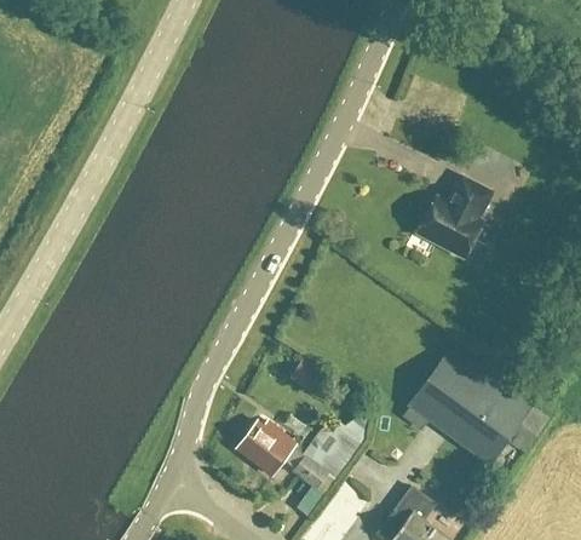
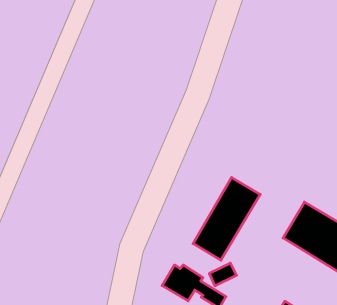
building: [419,177,491,255] -> none
building: none -> [193,177,260,260]

